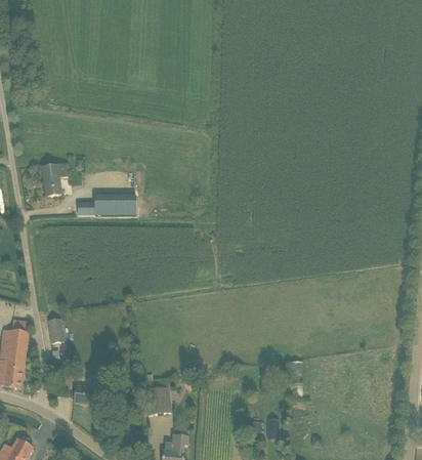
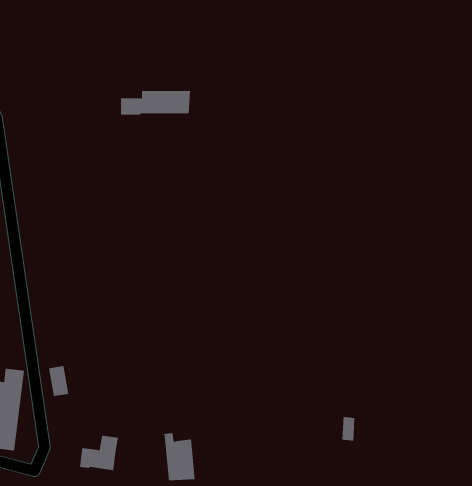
building: [42,163,68,195] -> none
building: [78,195,136,215] -> [120,90,191,115]

